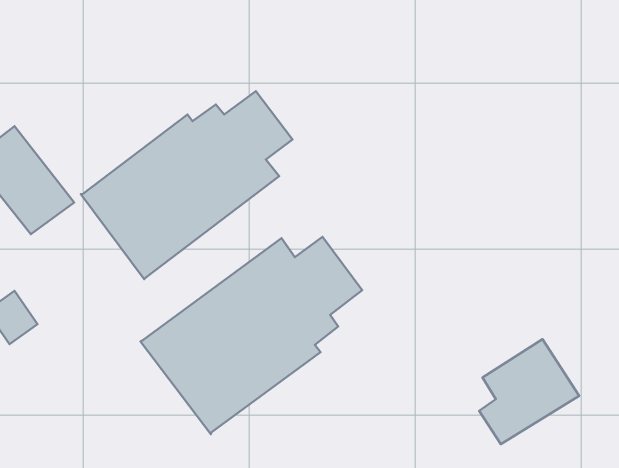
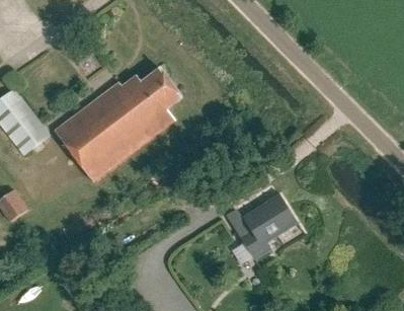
building: [141,237,362,434] -> none
building: [479,339,579,444] -> [240,193,301,257]

